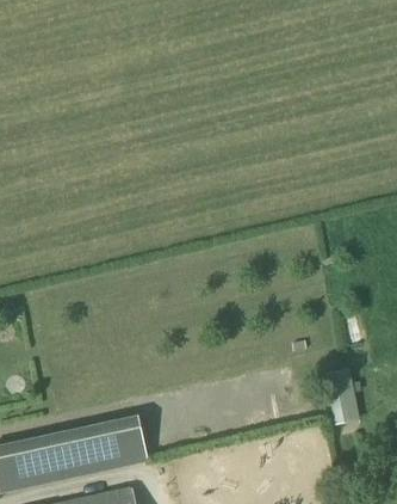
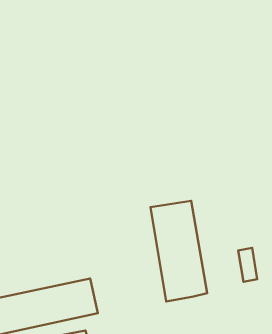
building: none -> [151,201,207,301]

